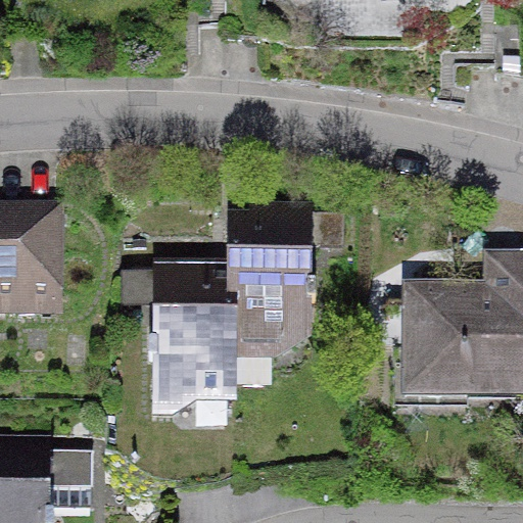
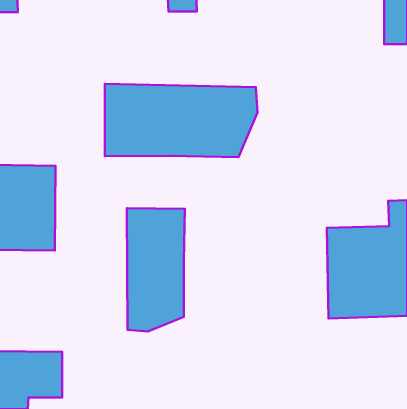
building: none -> [105,84,258,157]
building: [230,221,301,326] -> none

